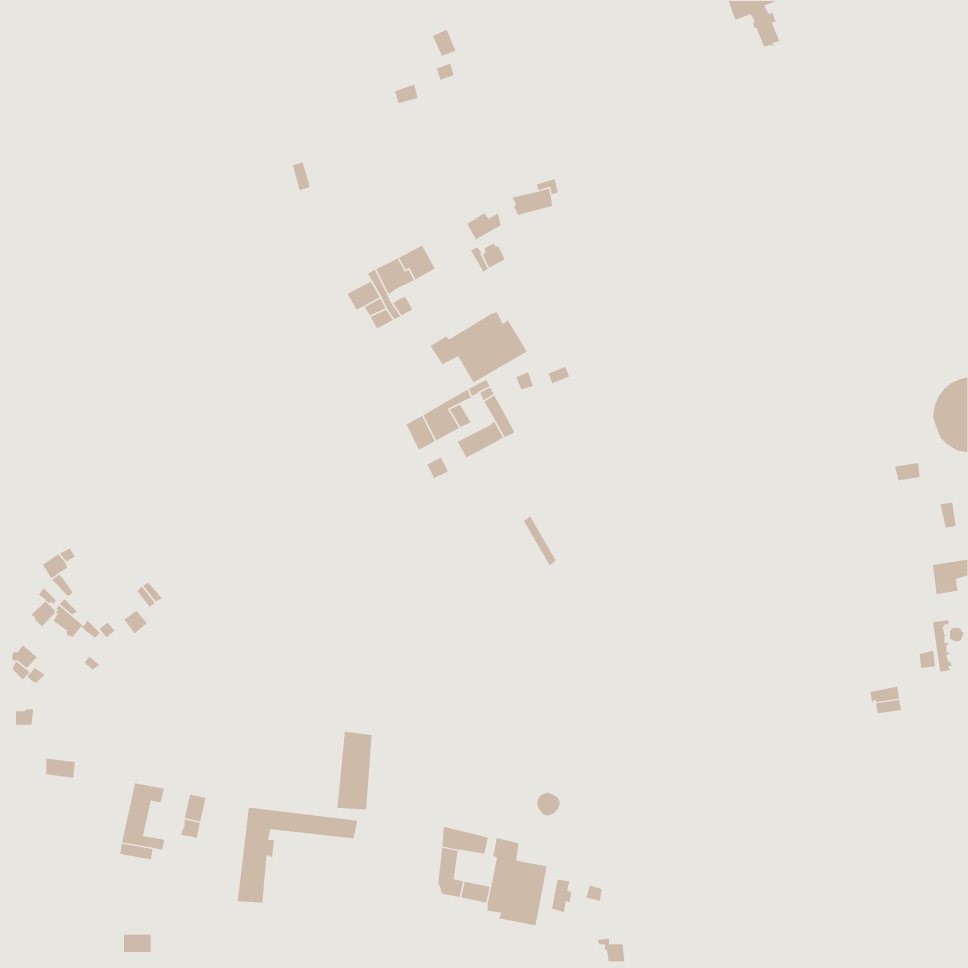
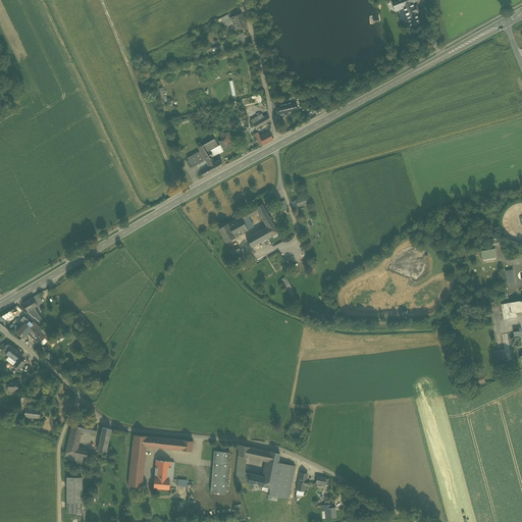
building: [429,311,528,384] -> none
building: [337,731,373,810] -> [210,451,229,493]
building: none -> [153,461,170,489]
building: none -> [66,477,82,503]

